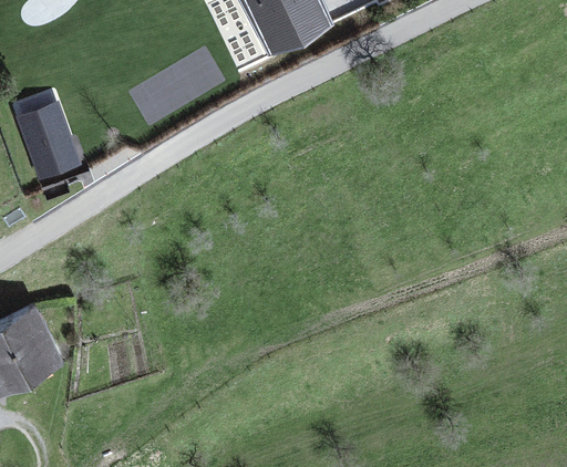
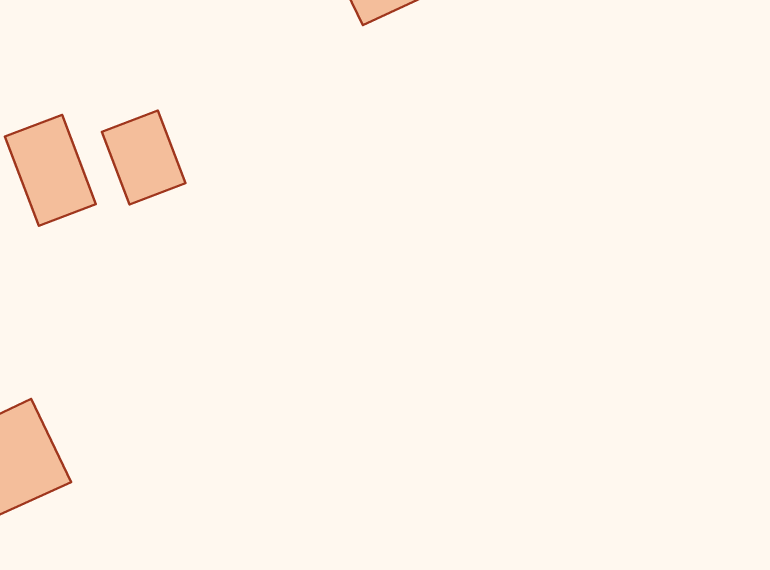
building: none -> [102,111,185,204]

